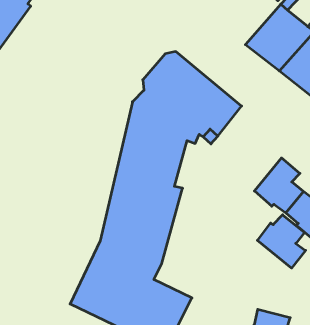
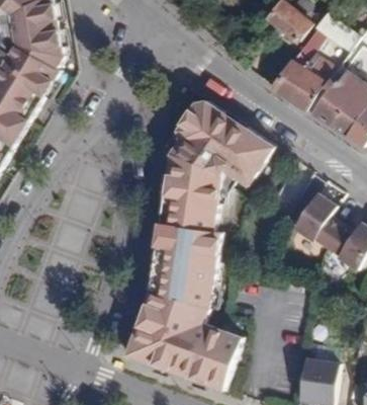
building: [257,215,306,268] -> none

